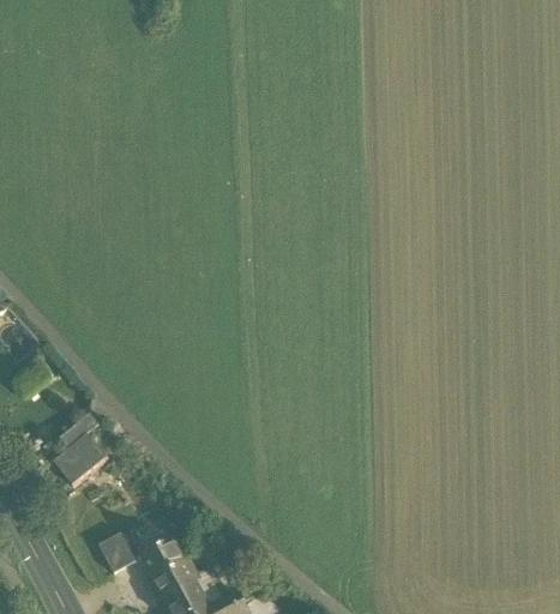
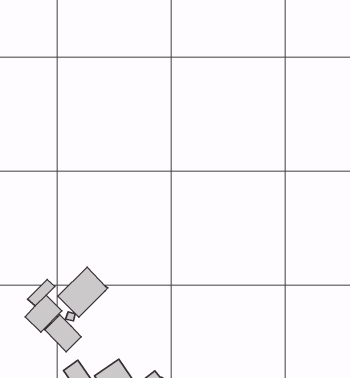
building: none -> [58,267,108,317]
building: none -> [45,315,81,352]

